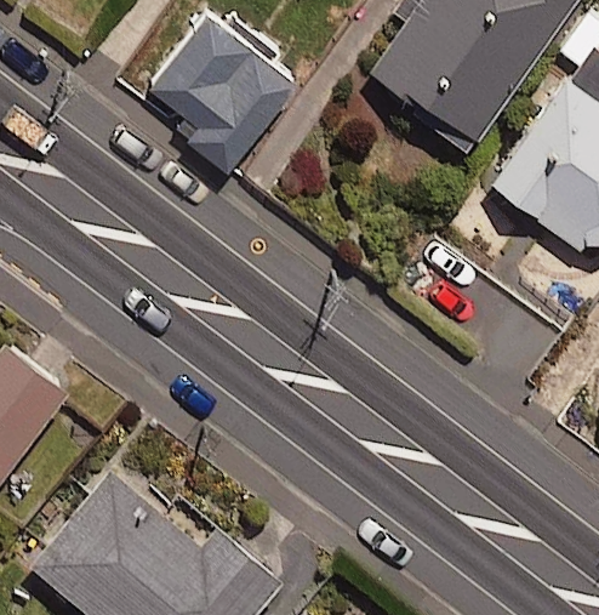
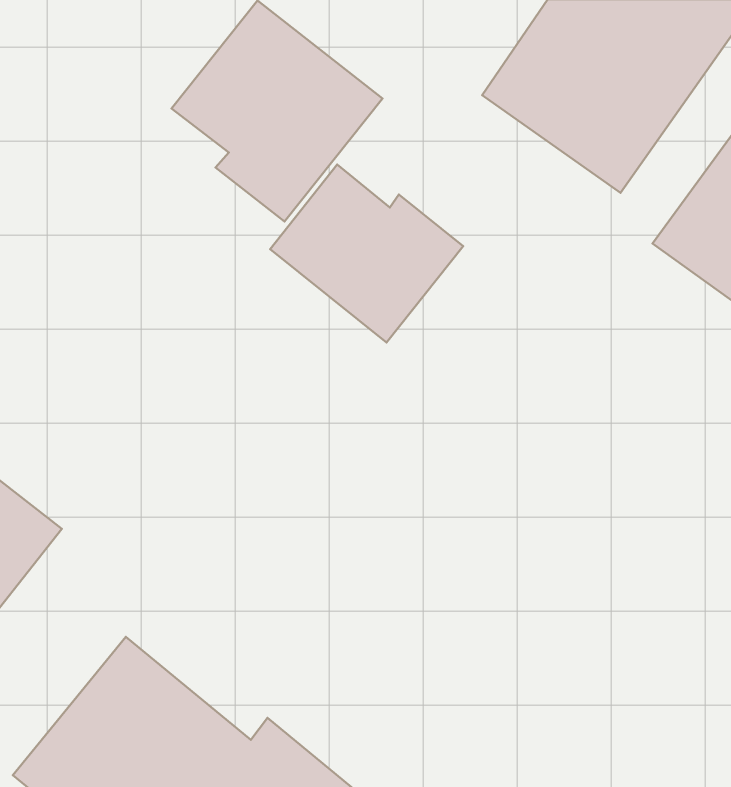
building: none -> [270,164,463,343]

